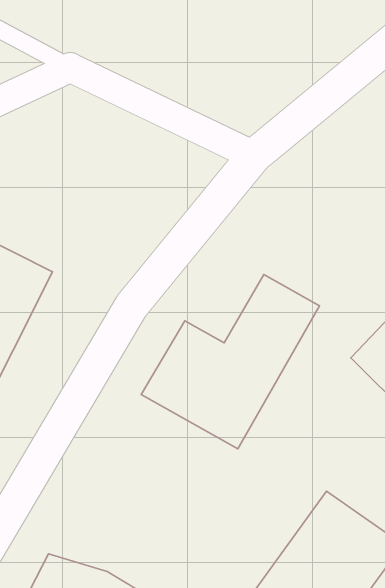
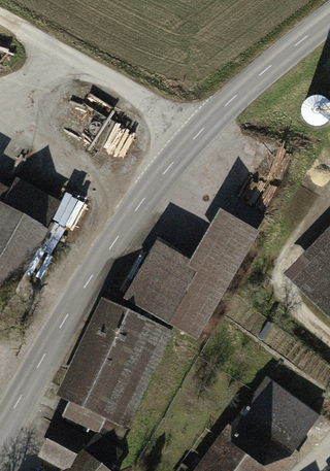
building: none -> [60,302,172,429]

